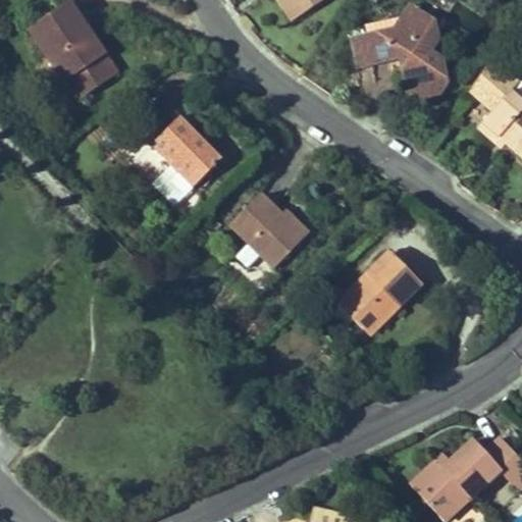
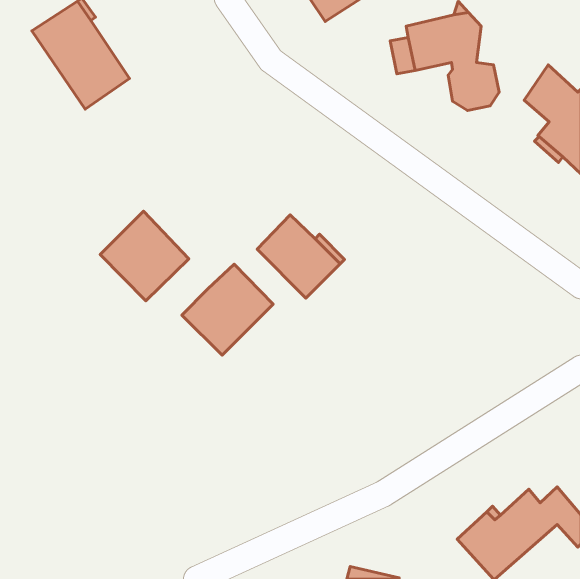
building: [143,116,222,197] -> [100,211,189,301]
building: none -> [182,264,273,355]
building: [338,251,422,334] -> none

